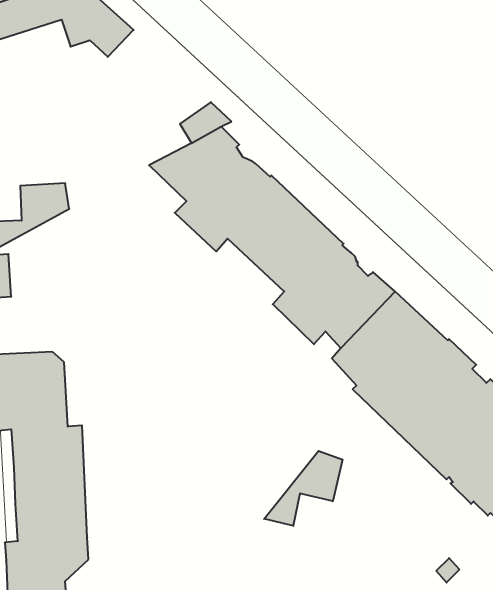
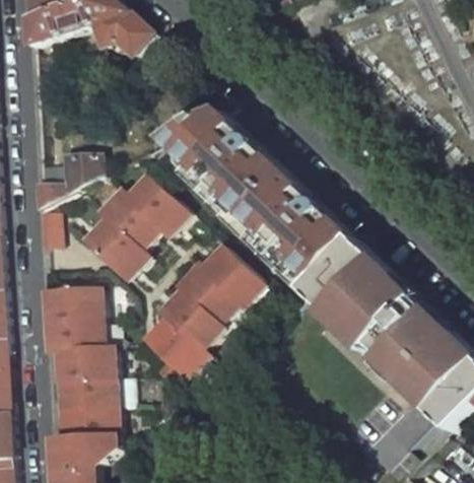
building: none -> [85,177,189,281]
building: none -> [145,248,264,386]
building: [264,451,342,526] -> none

